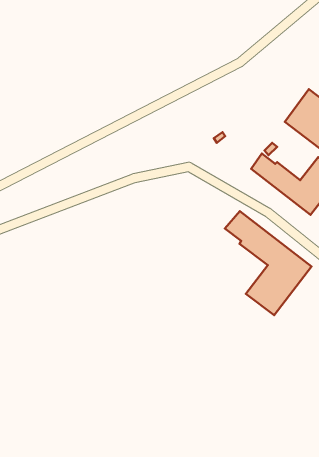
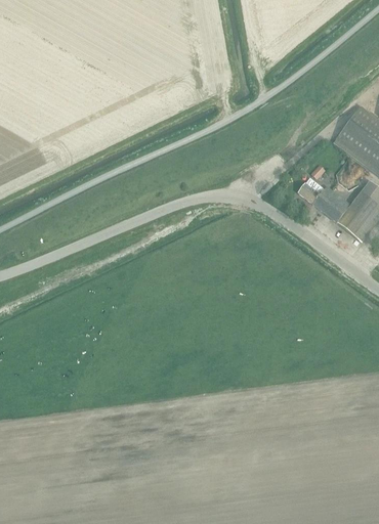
building: [225,211,312,315] -> none

